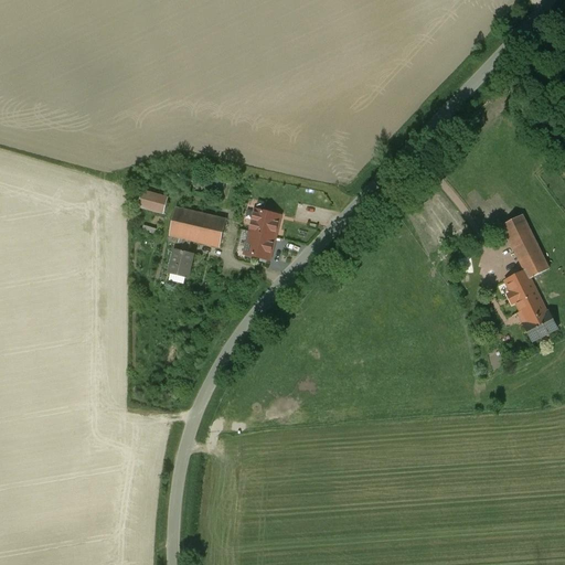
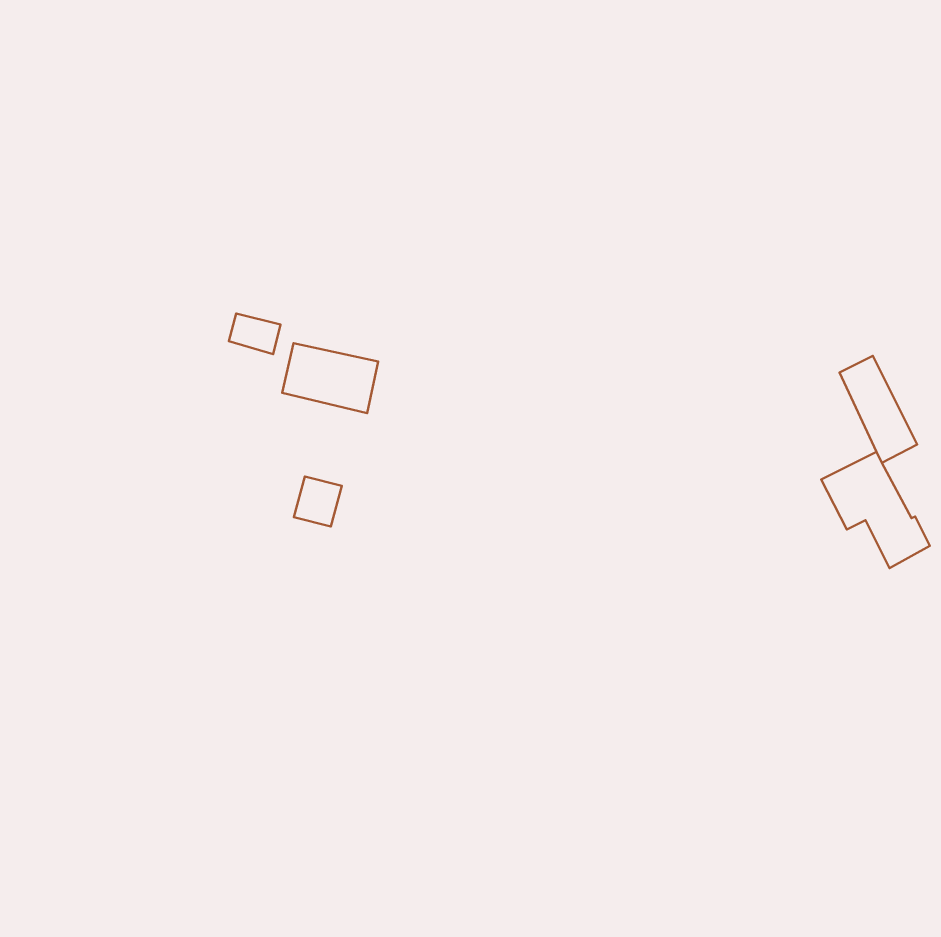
building: [243,209,279,258] -> none
building: [167,247,195,277] -> [294,477,342,526]

